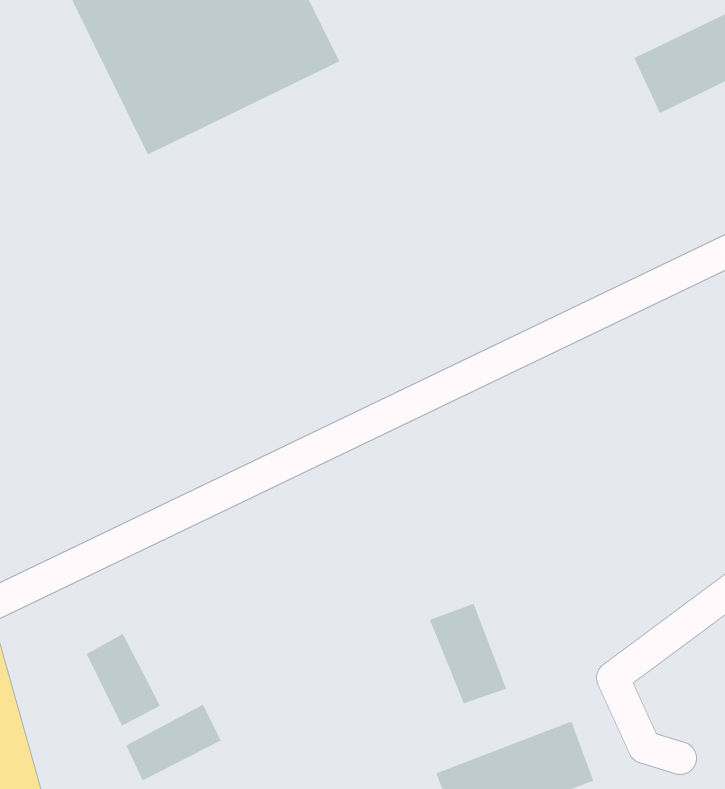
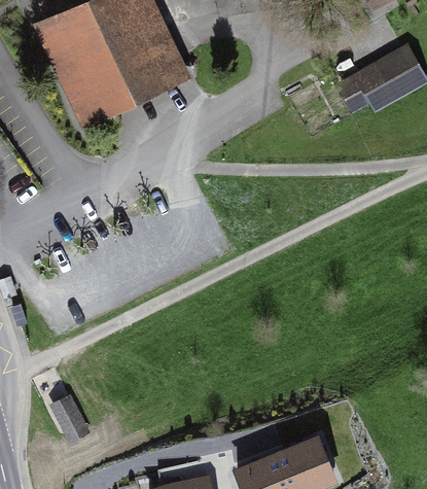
building: [429,603,507,704] -> none
building: [126,704,222,781] -> none

